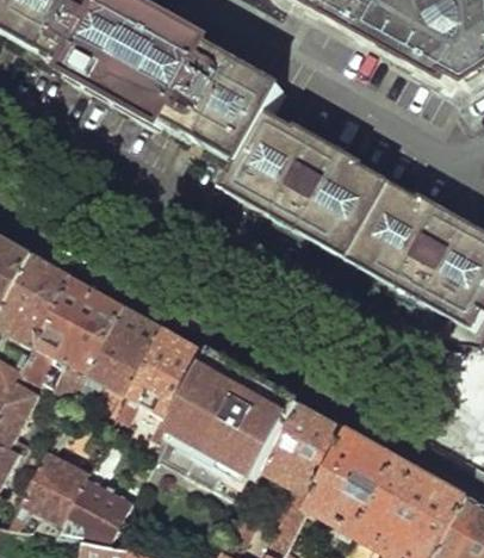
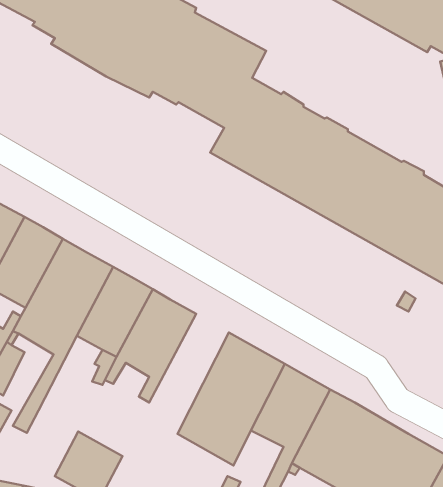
building: [154,352,241,475] -> none
building: [19,451,87,523] -> none

